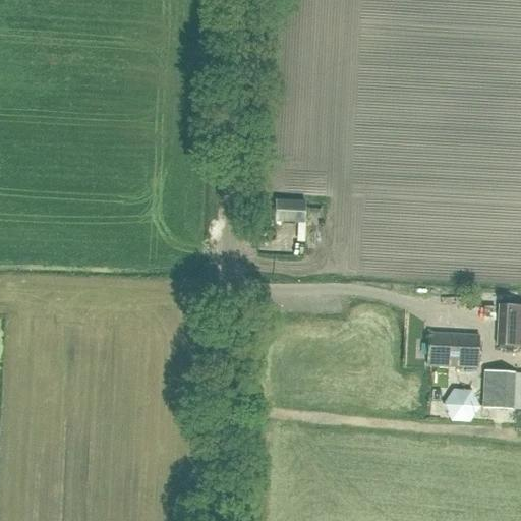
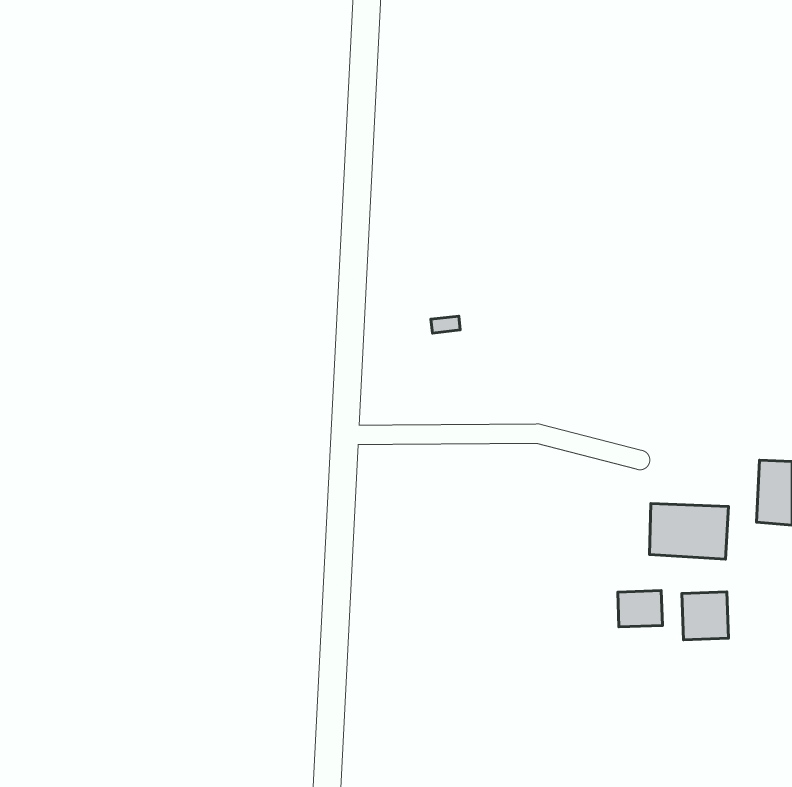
building: [493,369,514,408] -> none
building: none -> [618,591,662,627]

